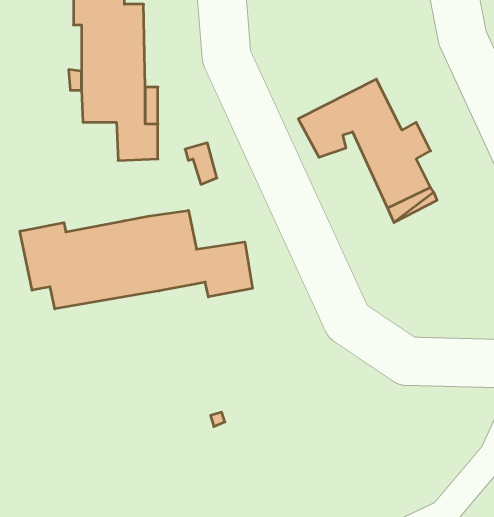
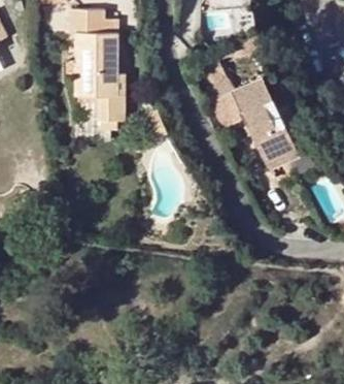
building: [20,210,252,309] -> none

